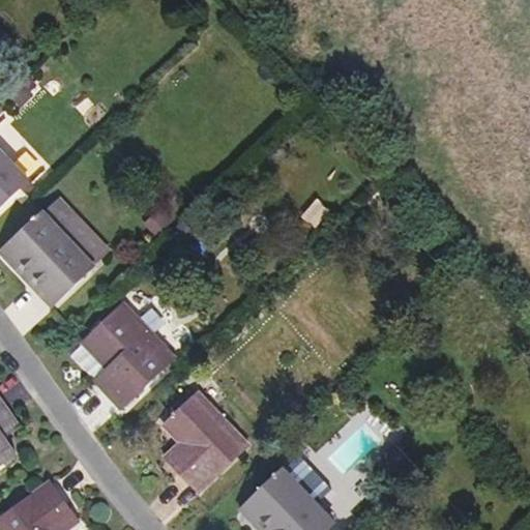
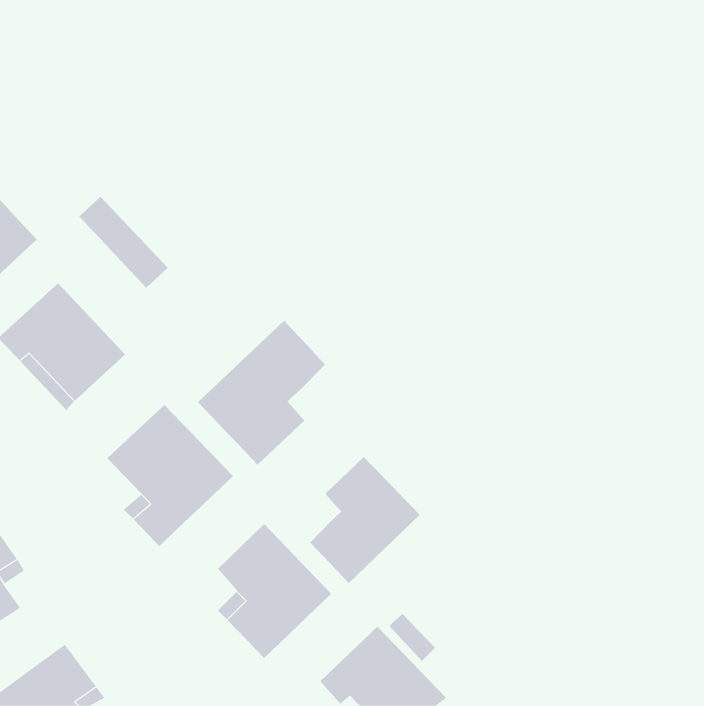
building: [43,196,111,265] -> [79,196,168,289]
building: none -> [197,320,326,466]
building: none -> [310,456,420,584]

